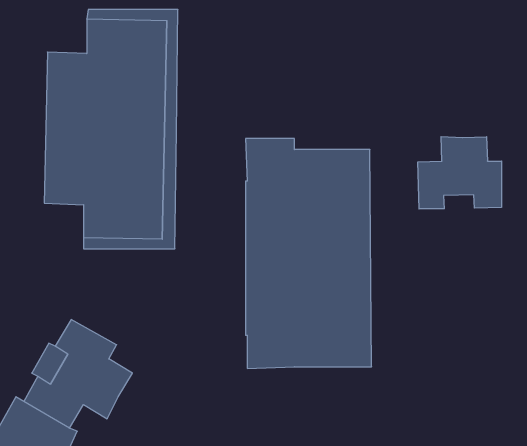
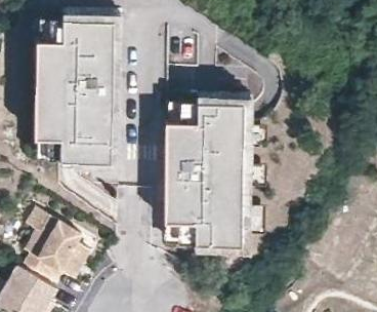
building: [418,137,502,209] -> none

